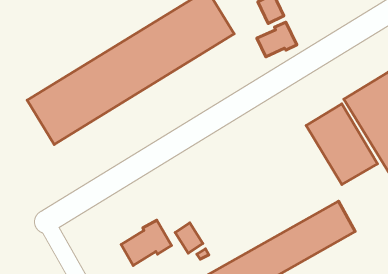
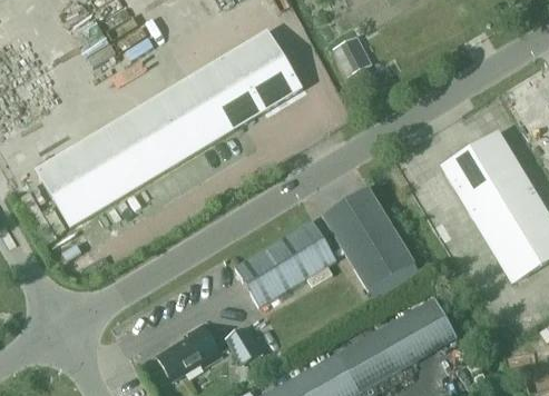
building: [257,22,297,57] -> none
building: [306,104,378,185] -> [323,186,414,289]
building: none -> [235,219,337,306]

